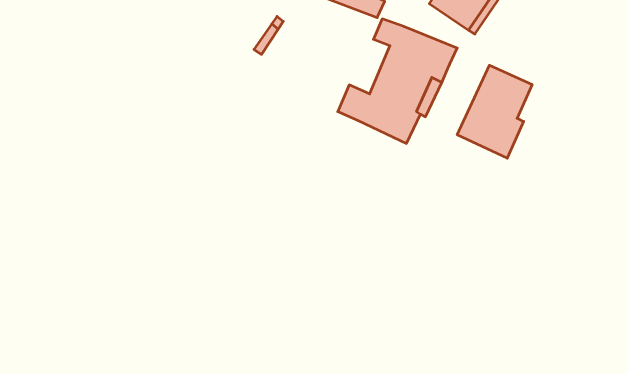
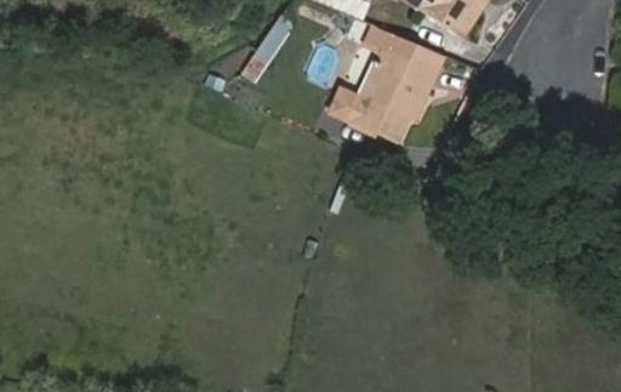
building: [457,65,532,158] -> none

